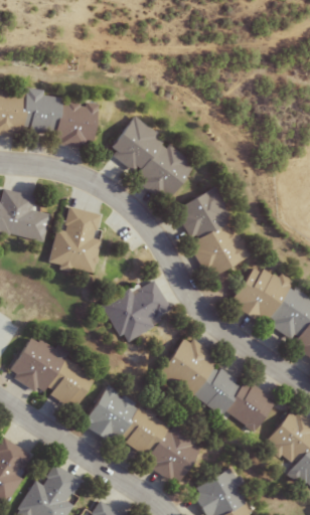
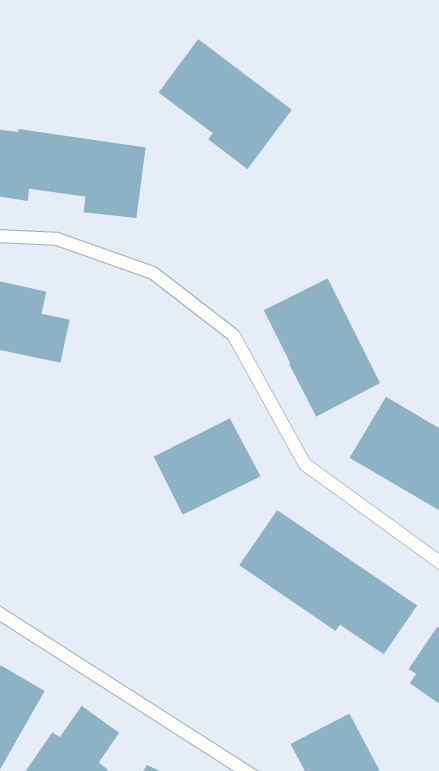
building: [108,118,195,203] -> [158,38,293,170]
building: [50,206,106,275] -> none
building: [8,335,97,411] -> none
building: [83,386,203,485] -> none

